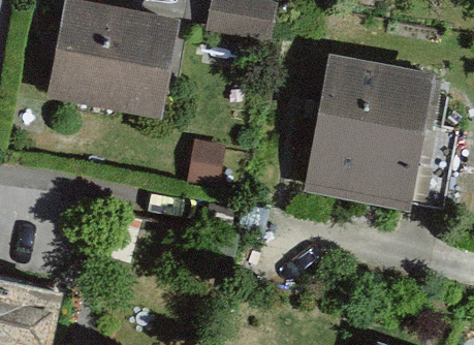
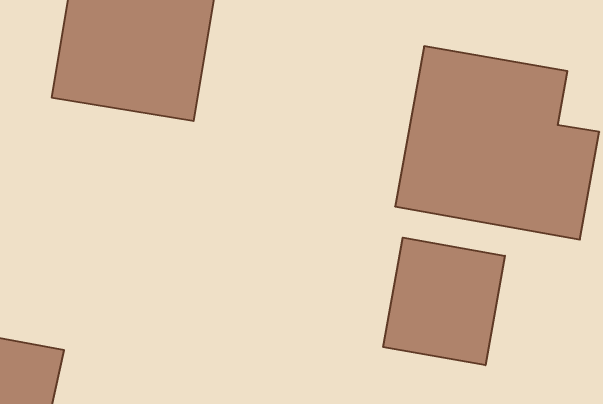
building: none -> [383,238,505,365]

